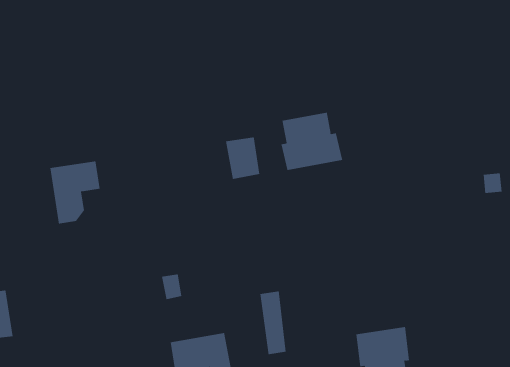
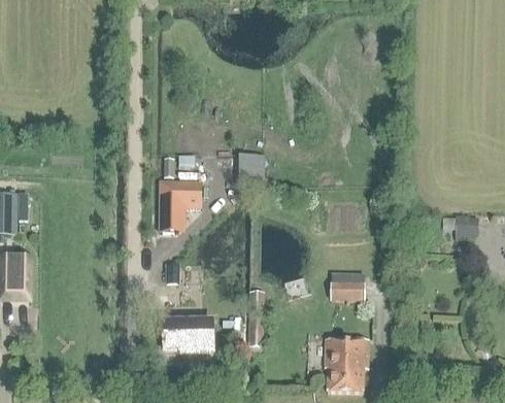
building: [281,112,343,171] -> none
building: [50,161,101,224] -> [159,180,200,230]
building: none -> [330,272,363,298]

